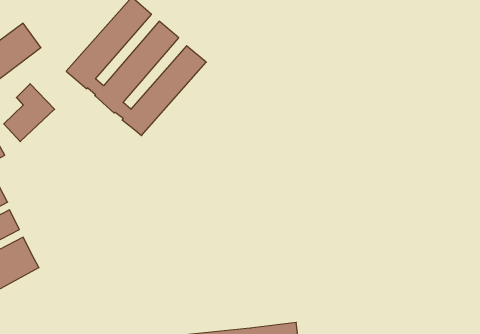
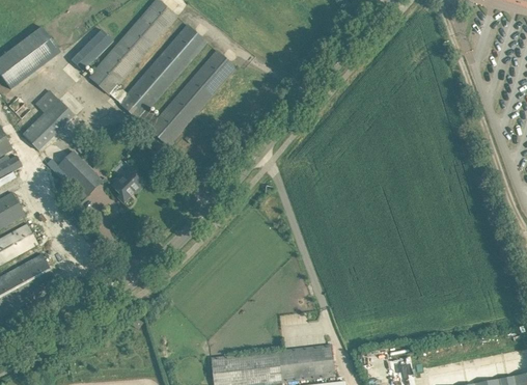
building: none -> [70,29,113,72]
building: none -> [45,150,103,200]
building: none -> [111,166,146,202]

